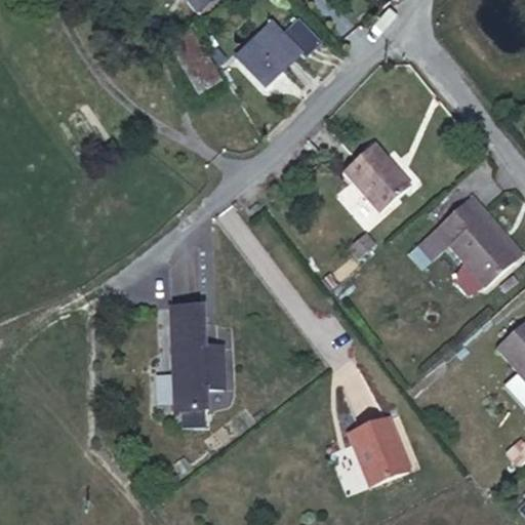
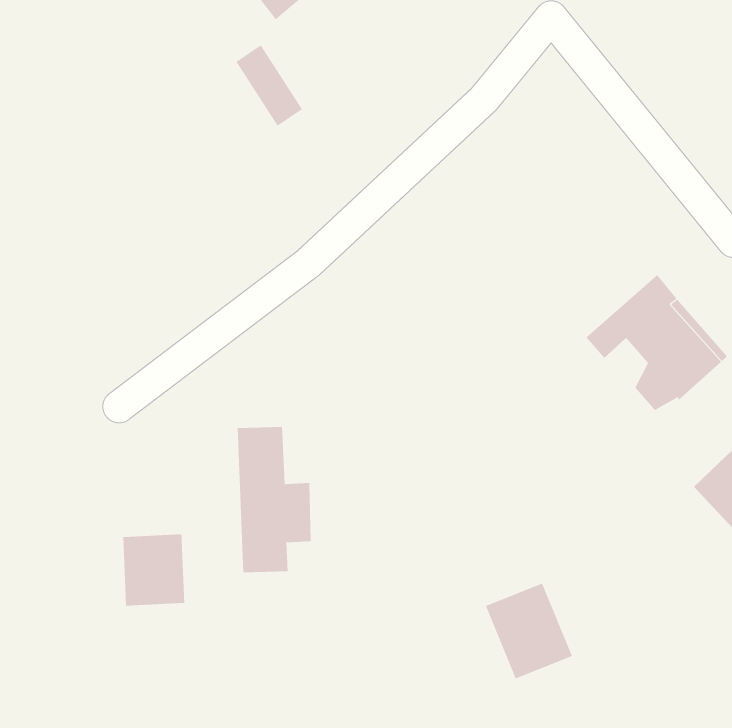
building: [236,17,320,84] -> none
building: [345,145,410,210] -> none
building: none -> [123,533,185,606]

